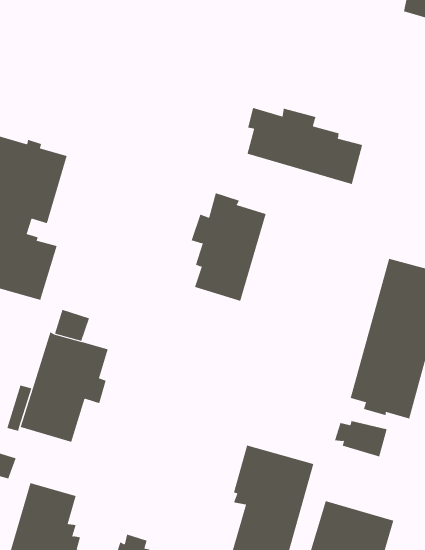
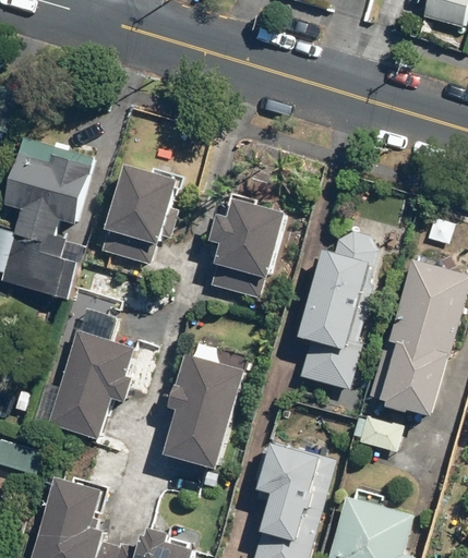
building: [247,107,363,185] -> none
building: none -> [100,165,178,266]
building: none -> [297,233,377,390]
building: none -> [167,354,247,469]

